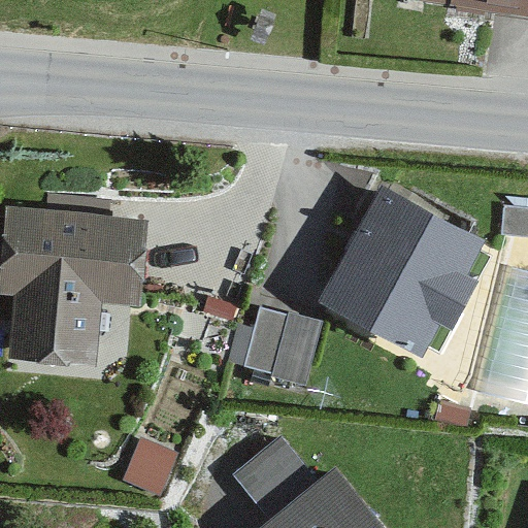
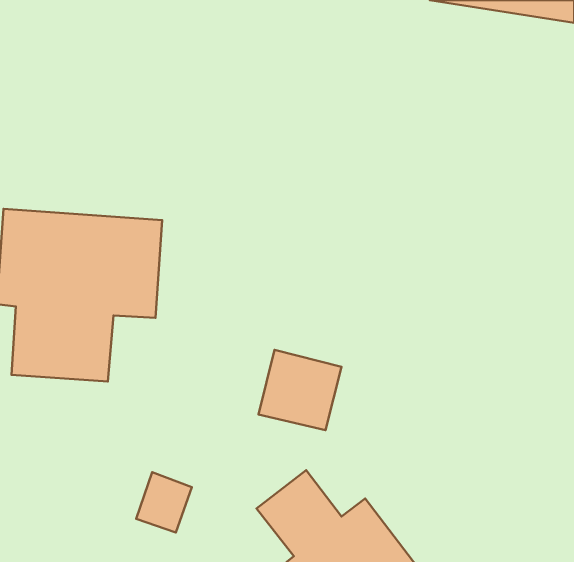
building: [319,182,484,353] -> none

